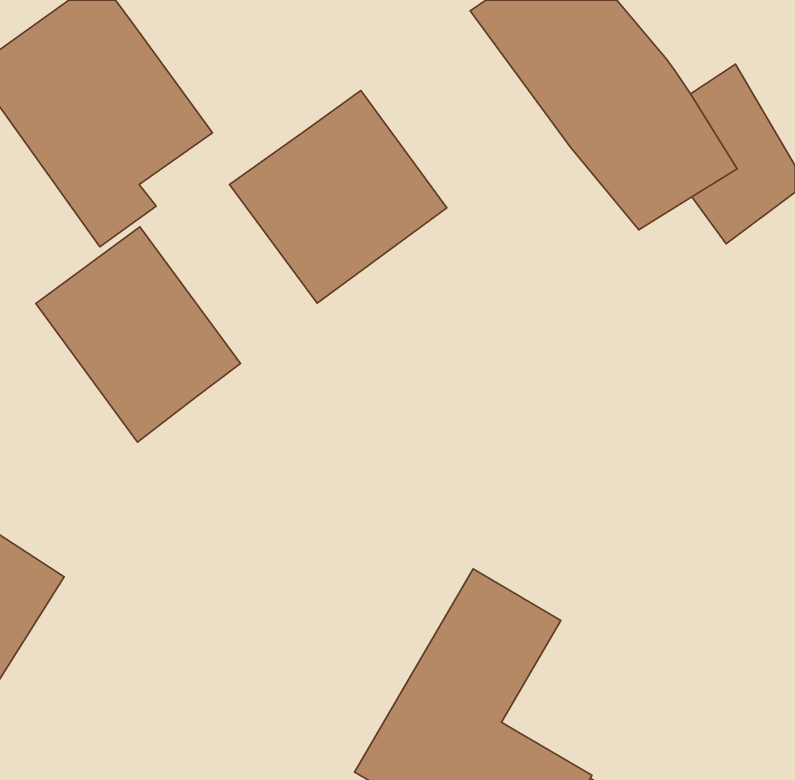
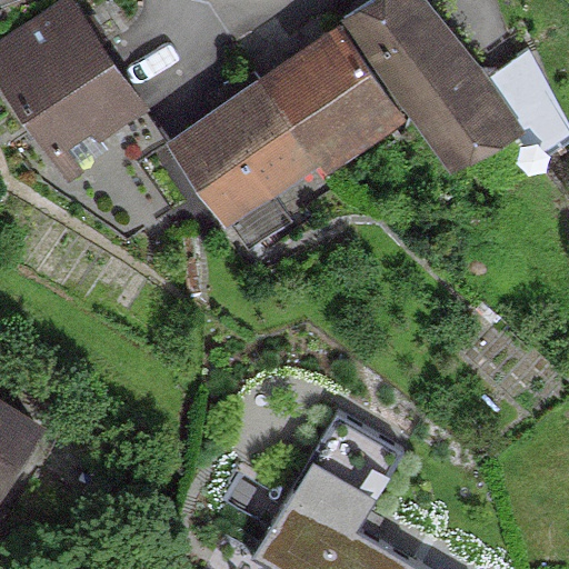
building: none -> [257,21,406,174]
building: [36,227,240,442] -> none

